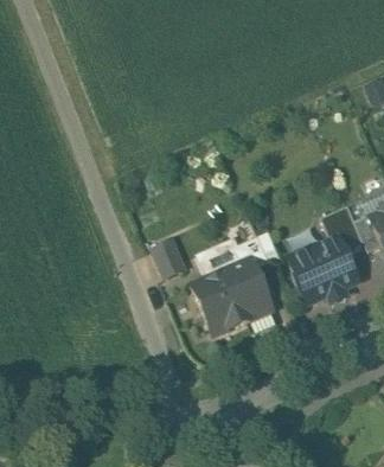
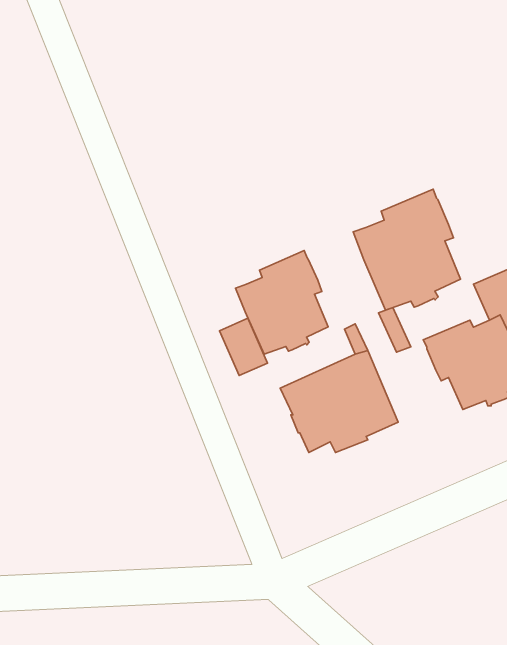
building: none -> [353,189,460,310]
building: none -> [236,250,328,354]

